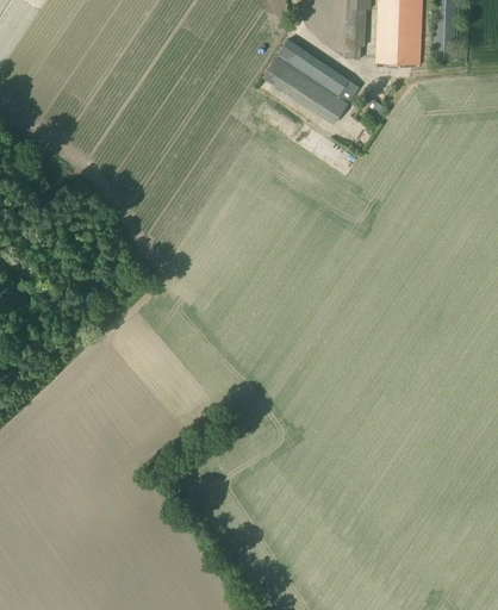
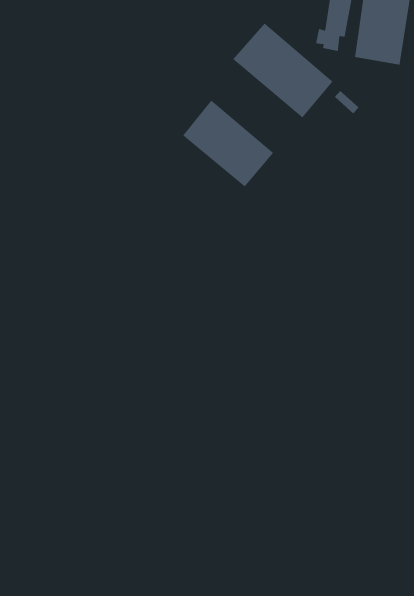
building: none -> [182,99,274,188]

